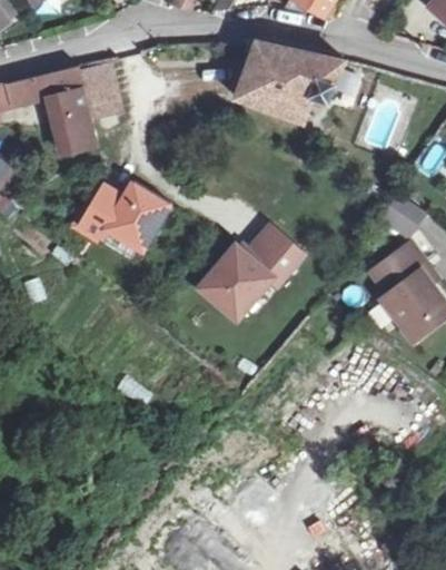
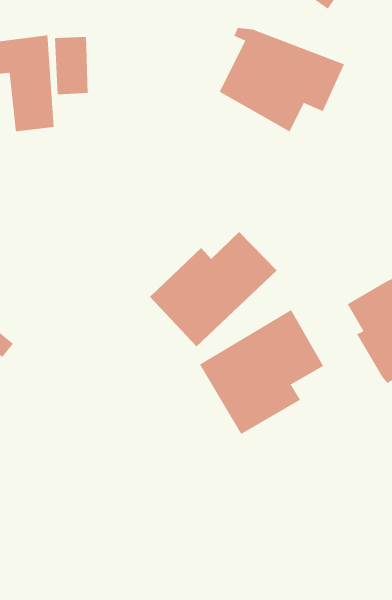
building: [80,181,168,243] -> none
building: none -> [199,309,324,435]

